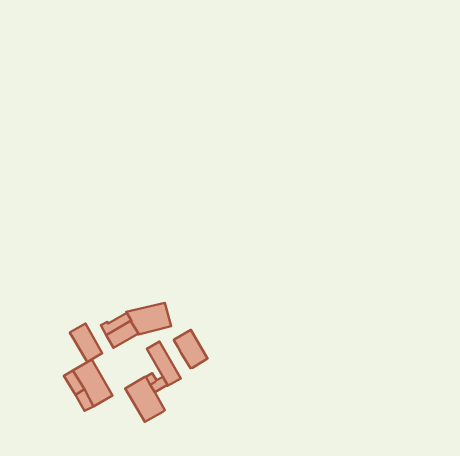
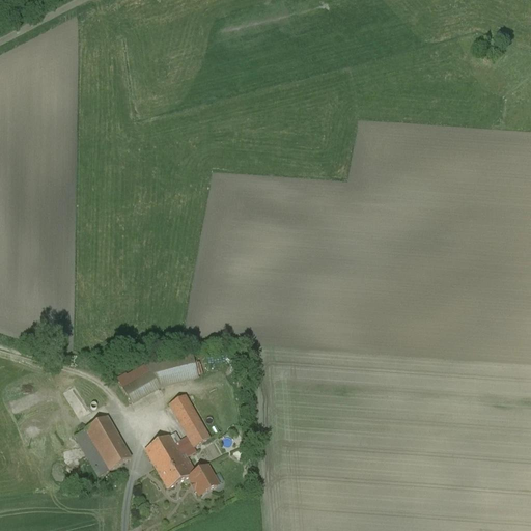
building: [70,324,102,362] -> none
building: [174,330,207,368] -> none
building: none -> [188,464,216,493]

